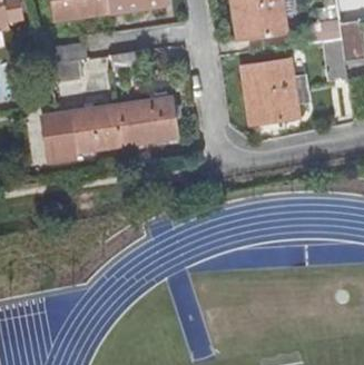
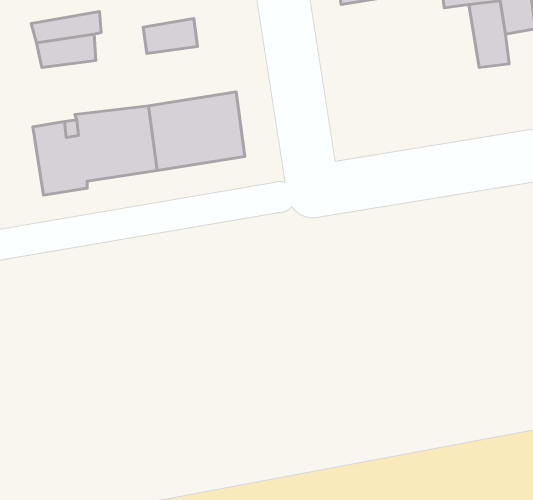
building: [243,59,299,124] -> none

